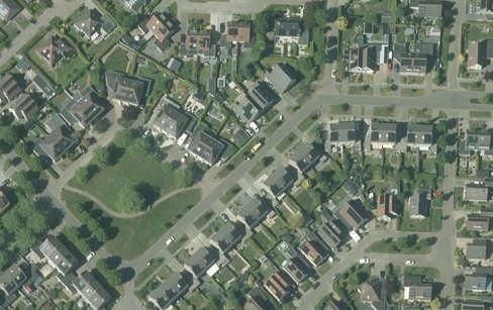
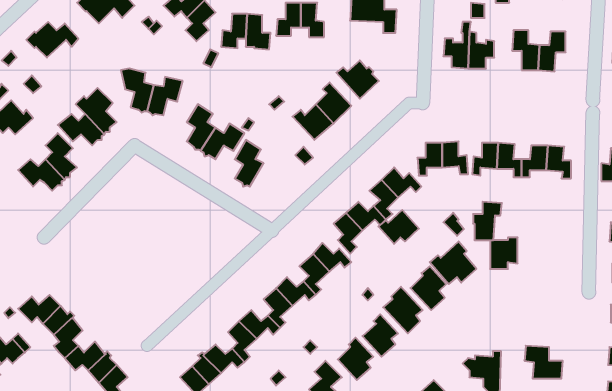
building: [200,138,231,165] -> none
building: none -> [378,210,419,244]
building: [409,188,430,216] -> [473,202,502,240]

